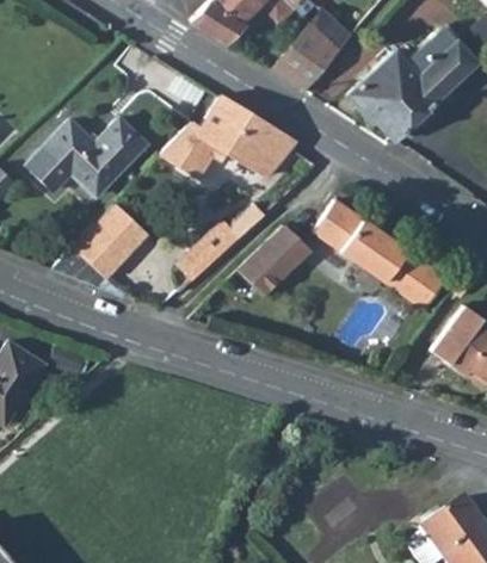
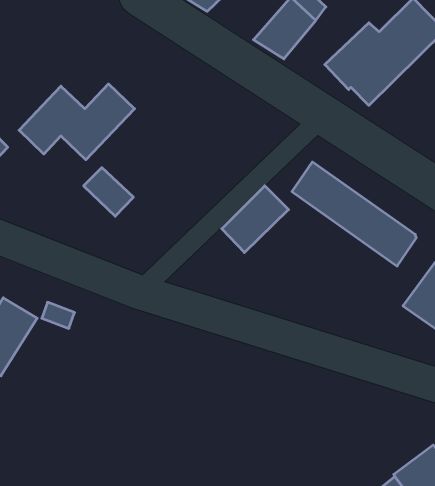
building: [161,93,296,177] -> none
building: [177,217,241,279] -> none
building: [73,223,128,278] -> none

